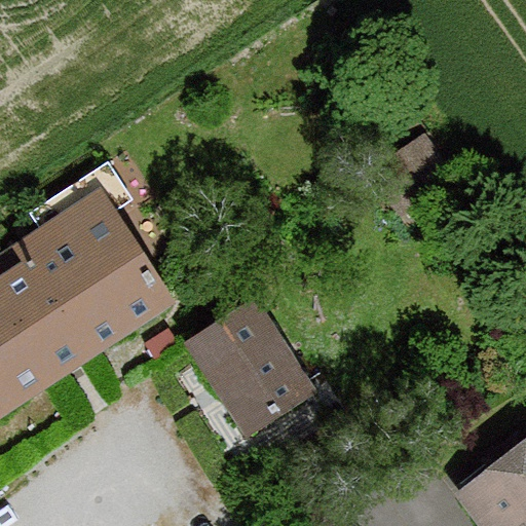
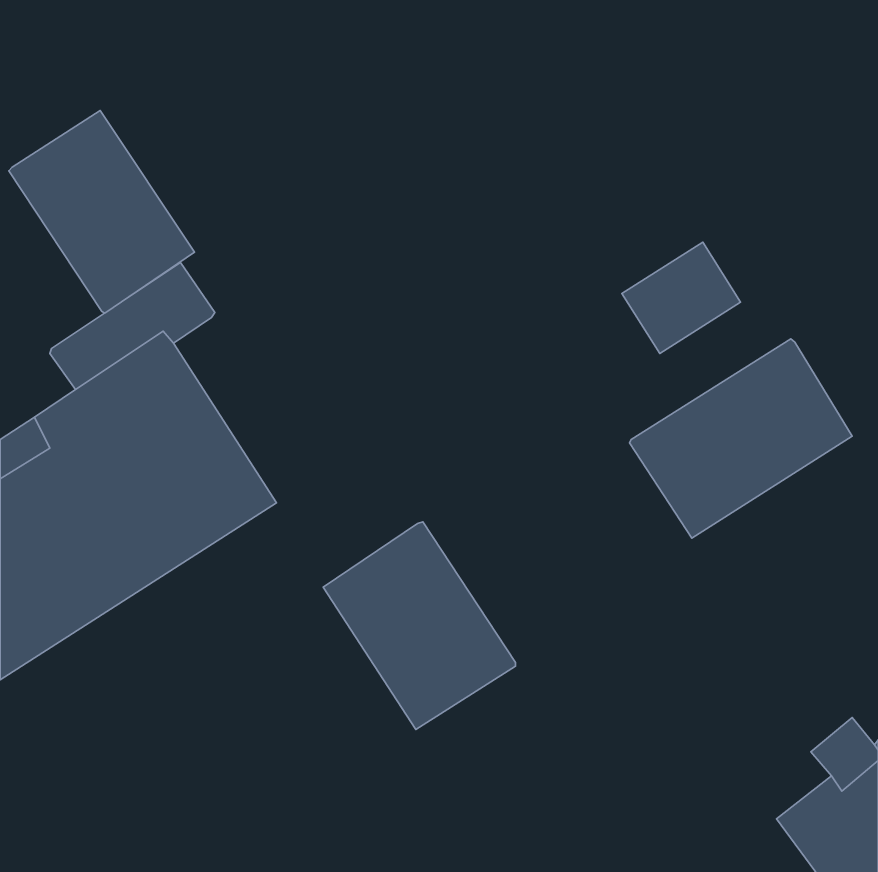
building: none -> [9,111,194,313]
building: none -> [629,339,852,538]

